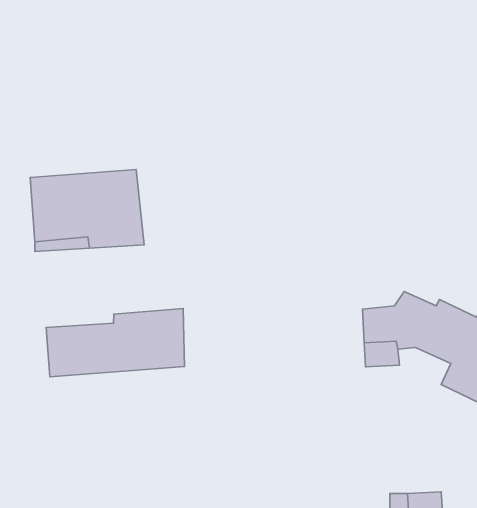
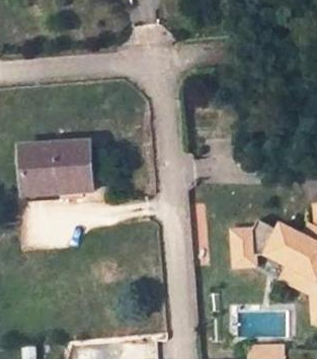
building: [46,308,185,377] -> none

